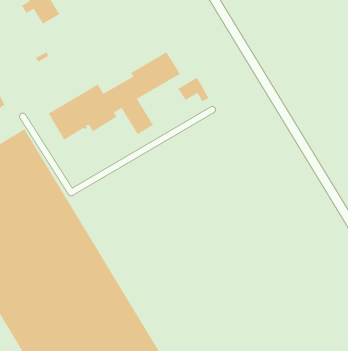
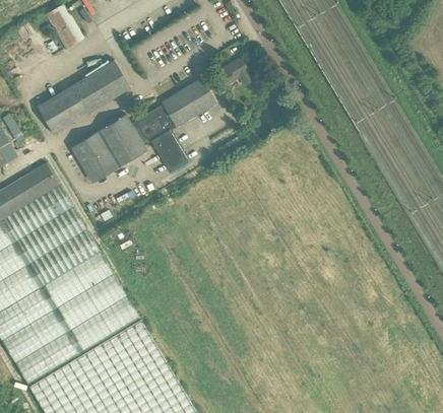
building: none -> [37,61,131,135]
building: [178,77,209,102] -> [219,58,254,85]

